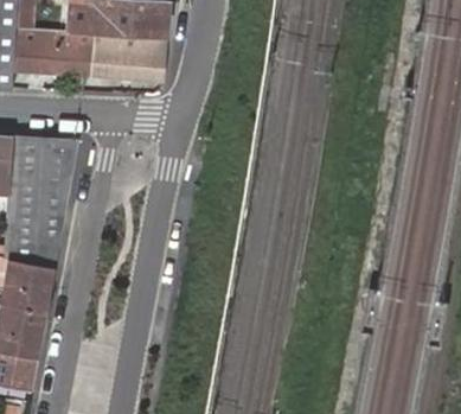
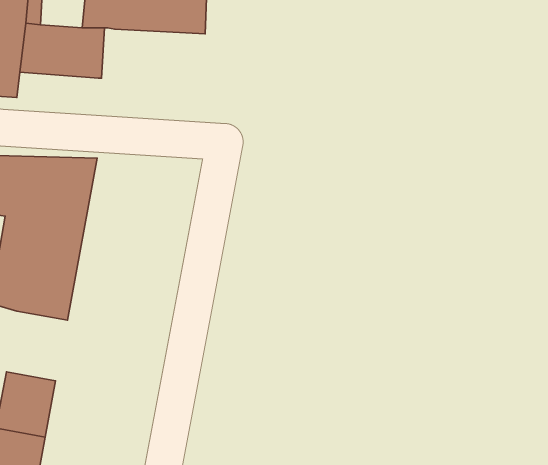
building: [89,32,165,77] -> none
building: [6,257,55,313] -> none

